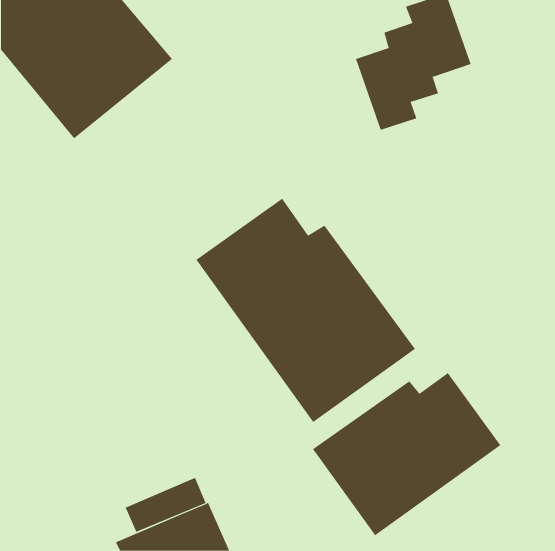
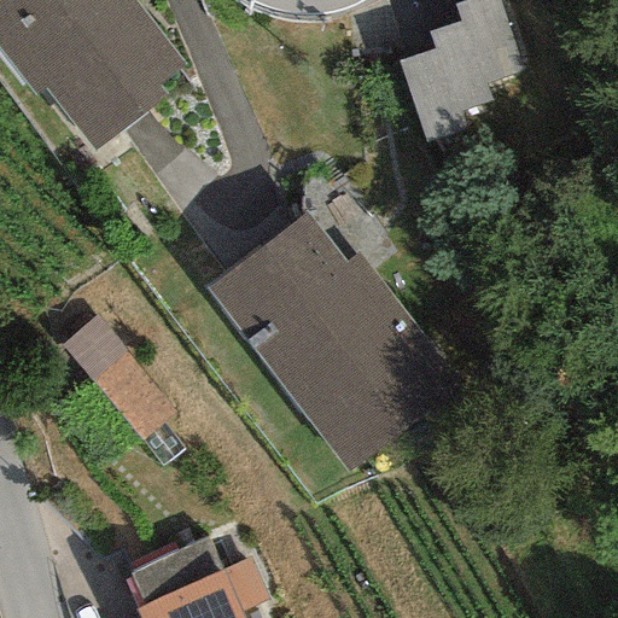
building: none -> [54,313,175,445]
building: [312,372,501,536] -> none

